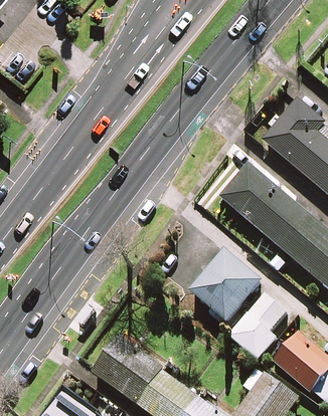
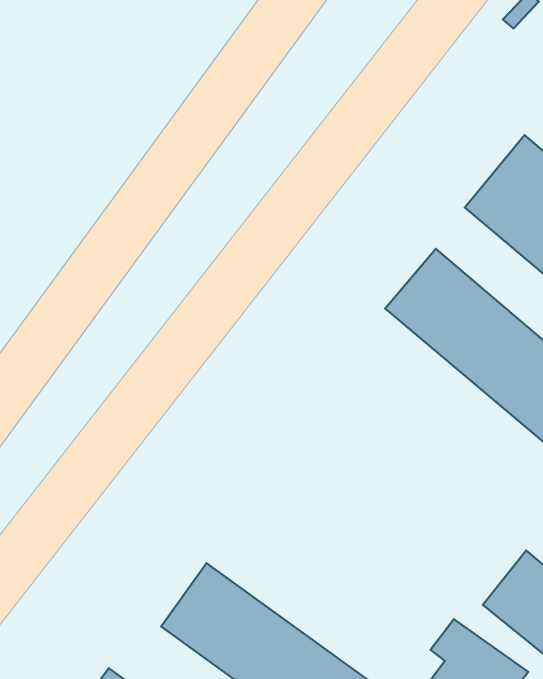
building: [189,249,261,322] -> none
building: [229,292,286,359] -> none

